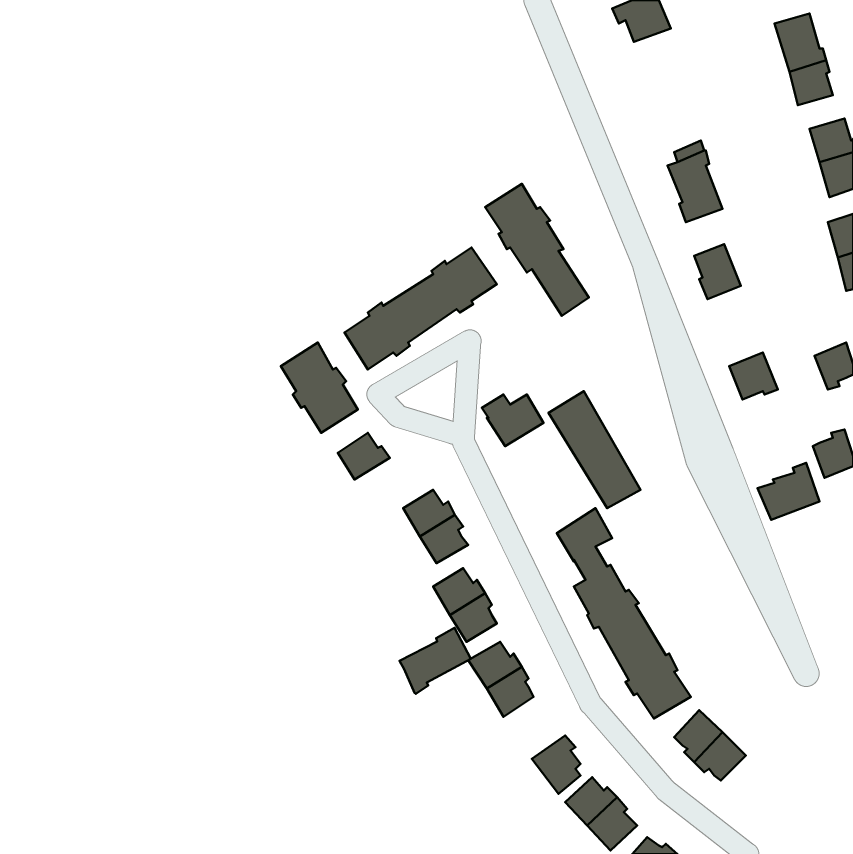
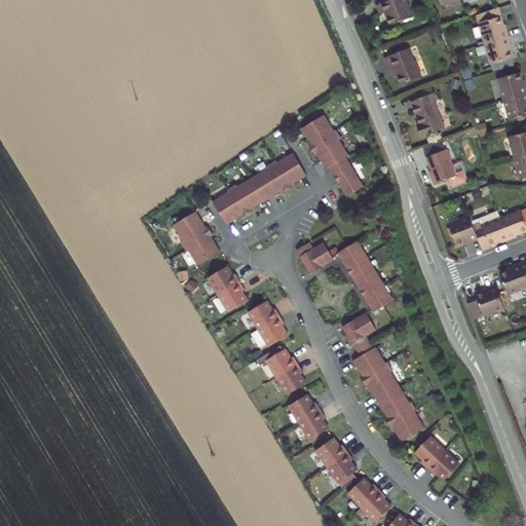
building: none -> [384,48,420,84]
building: none -> [481,219,509,245]
building: none -> [218,281,248,312]
building: [399,628,471,694] -> none
building: none -> [315,438,347,466]

